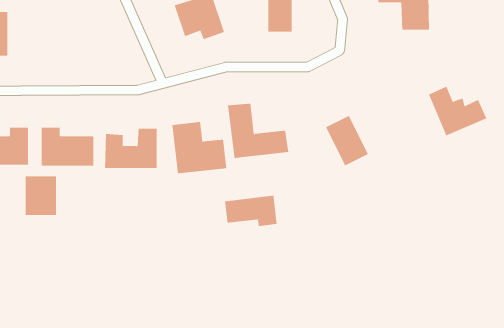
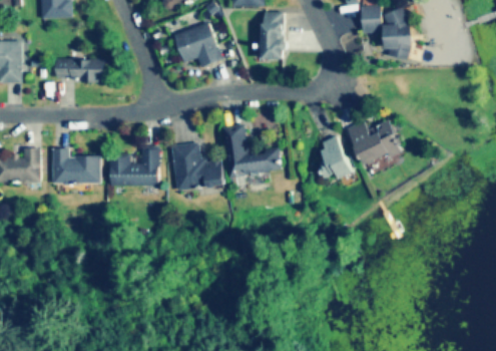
building: none -> [56,59,104,80]
building: [428,86,487,136] -> [348,121,402,167]
building: [25,175,56,216] -> none
building: [224,195,277,227] -> none

